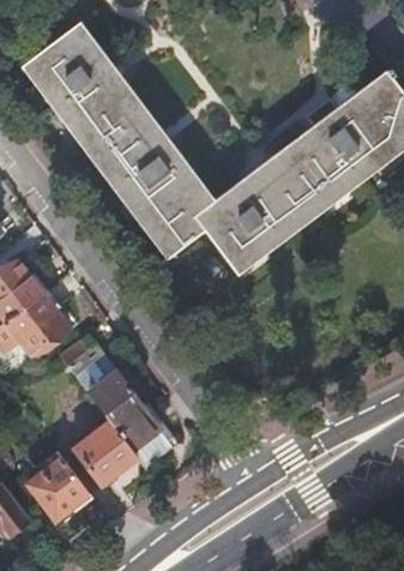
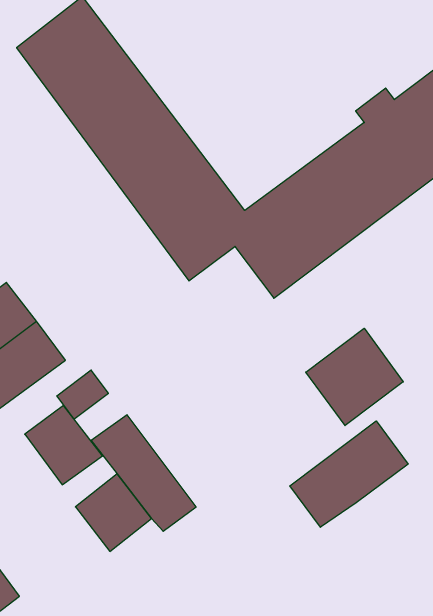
building: none -> [306,328,403,426]
building: none -> [290,421,408,527]
building: [24,452,89,518] -> [25,406,102,485]

